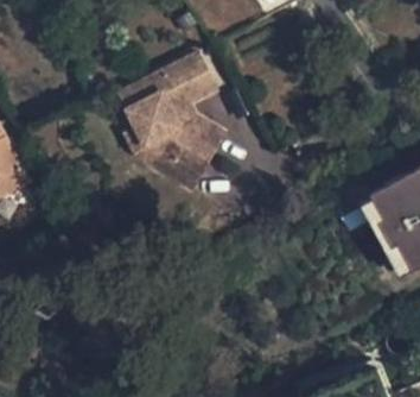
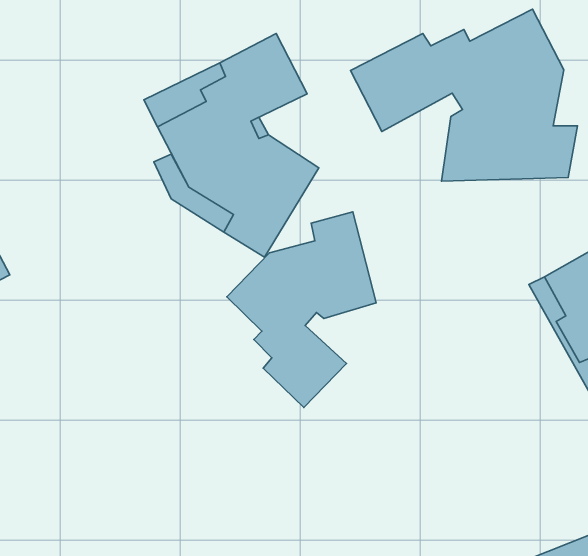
building: none -> [350,9,577,181]
building: none -> [227,212,376,407]

